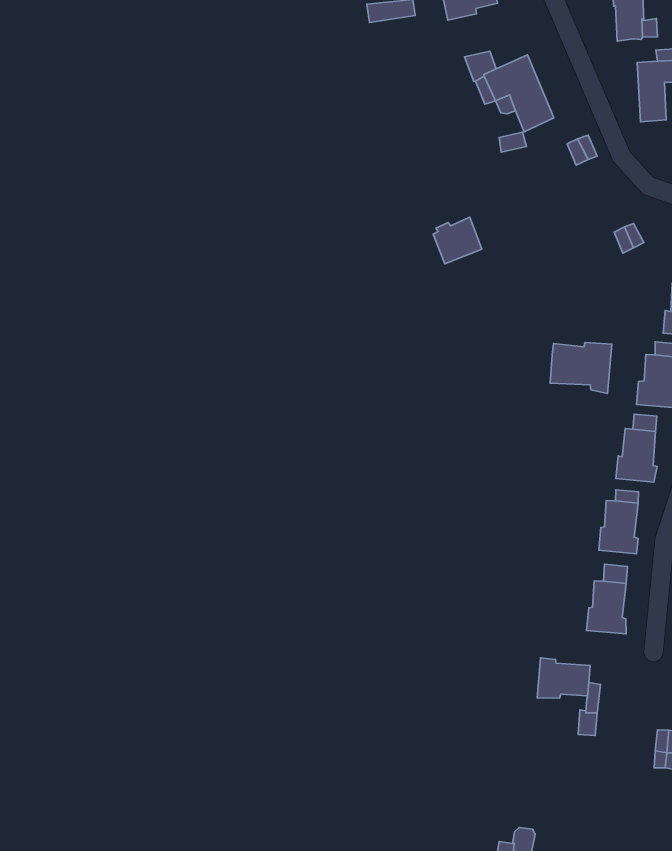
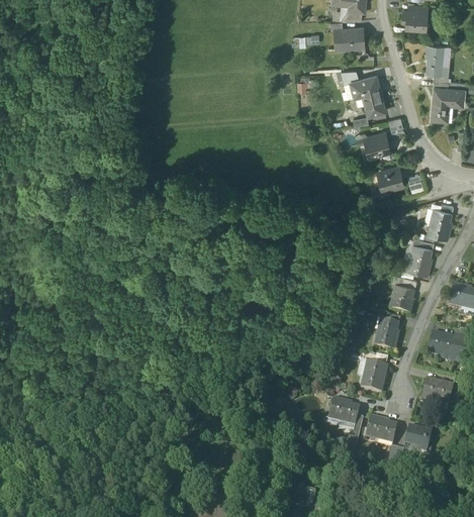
building: none -> [377,166,403,190]
building: [433,217,482,264] -> [364,131,389,154]
building: [550,342,612,393] -> none
building: none -> [365,418,395,443]

